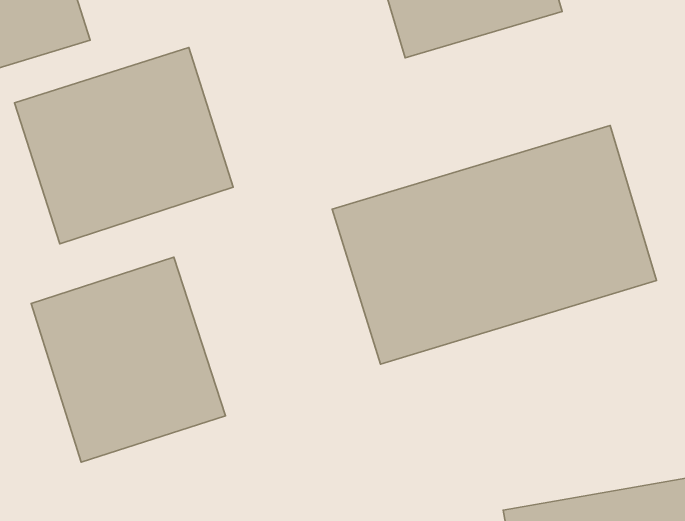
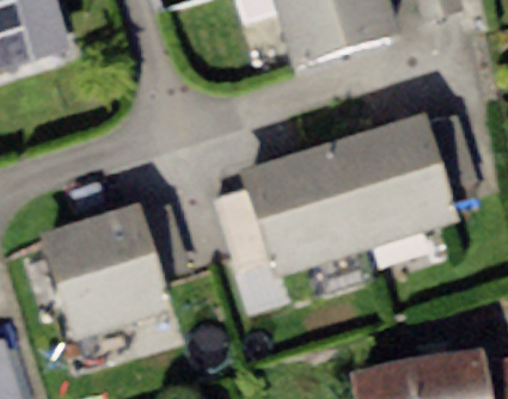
building: [14,48,233,244] -> none

